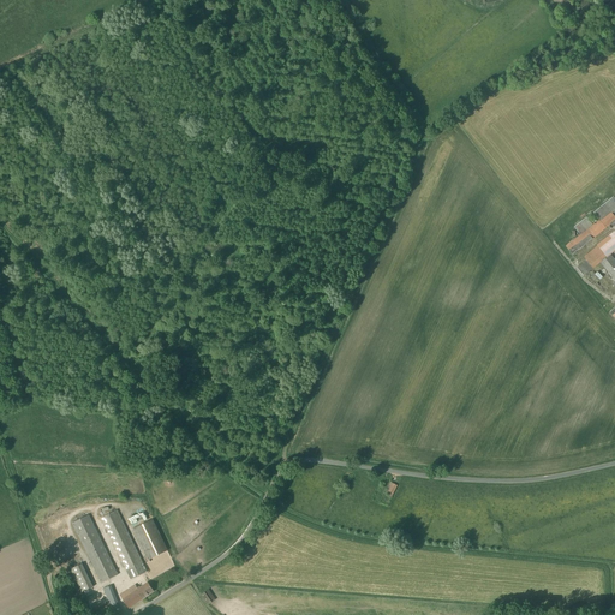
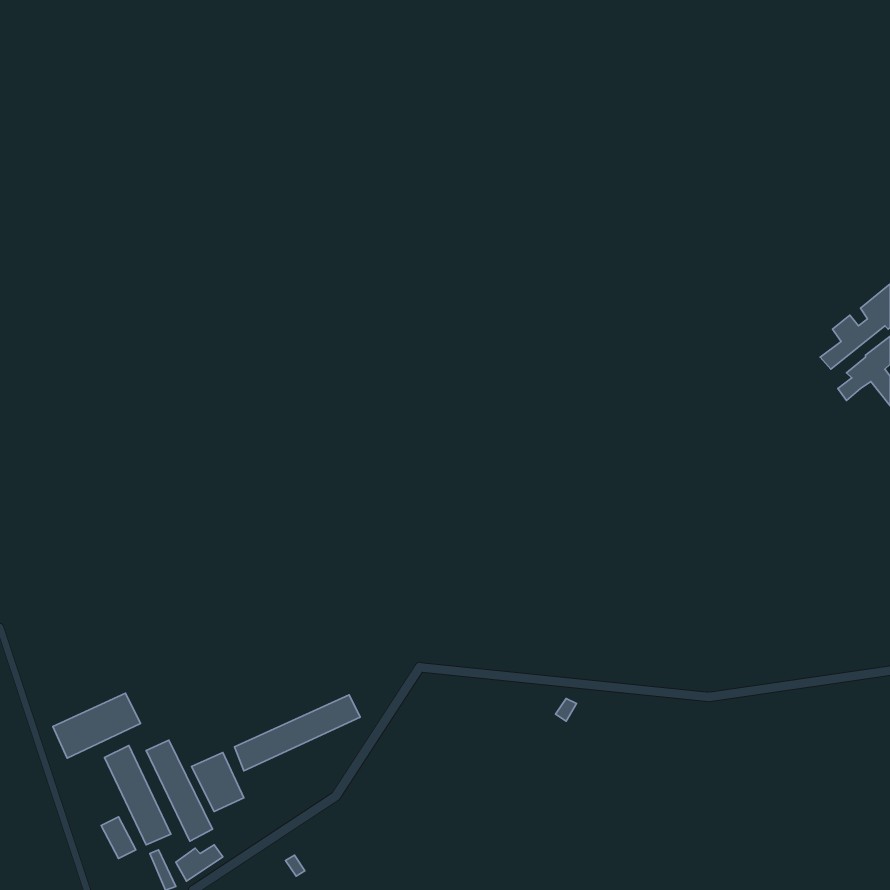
building: none -> [53,693,141,758]
building: none -> [234,695,360,771]

